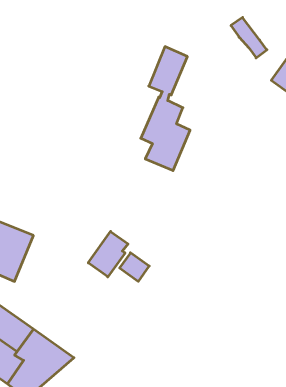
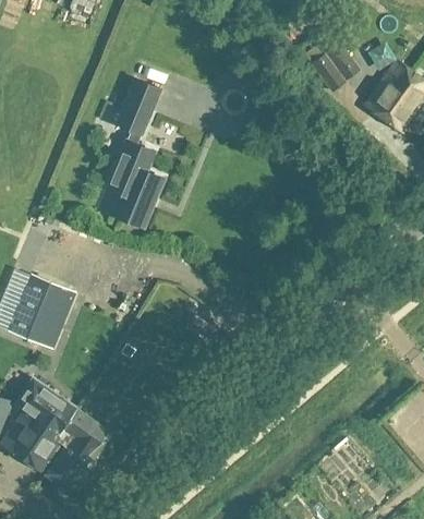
building: none -> [312,52,348,90]
building: [141,47,190,171] -> [105,76,165,227]
building: [88,231,128,277] -> none

